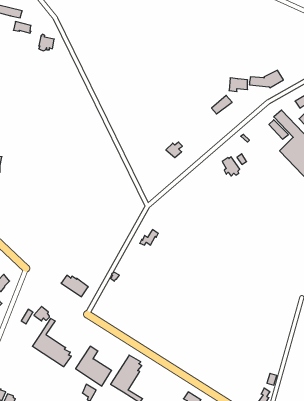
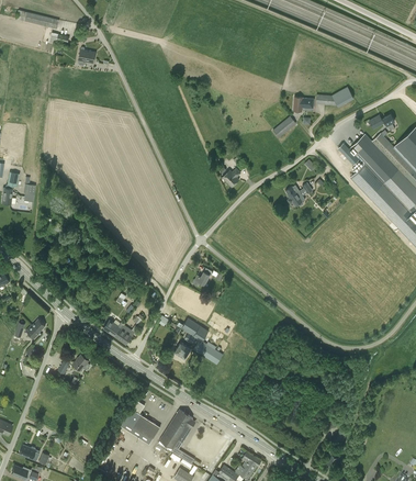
building: none -> [175,317,223,363]
building: [32,318,71,367] -> none

